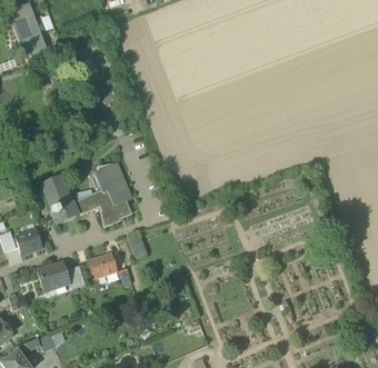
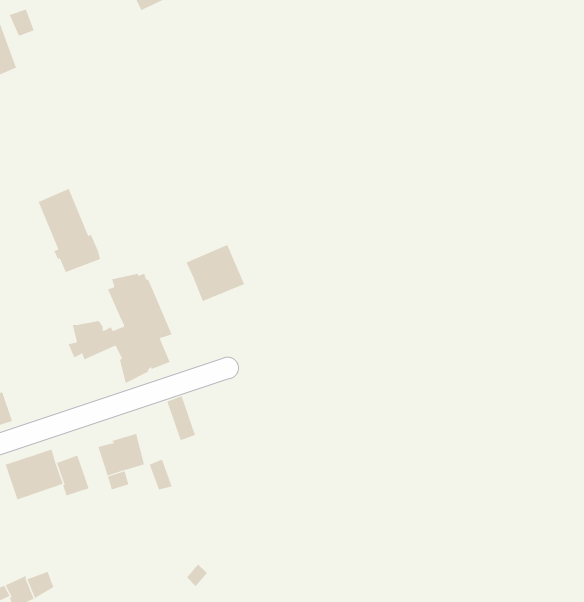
building: none -> [186,244,245,303]
building: [41,173,77,221] -> [38,188,101,273]

